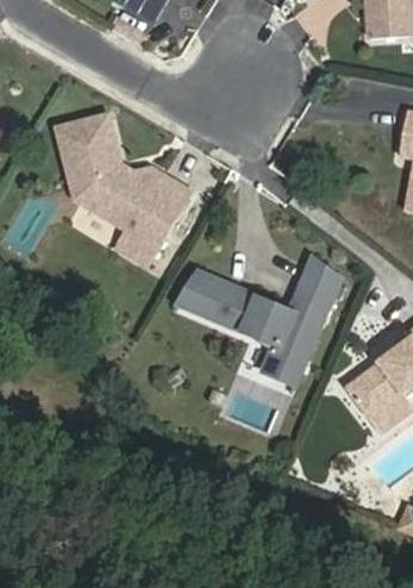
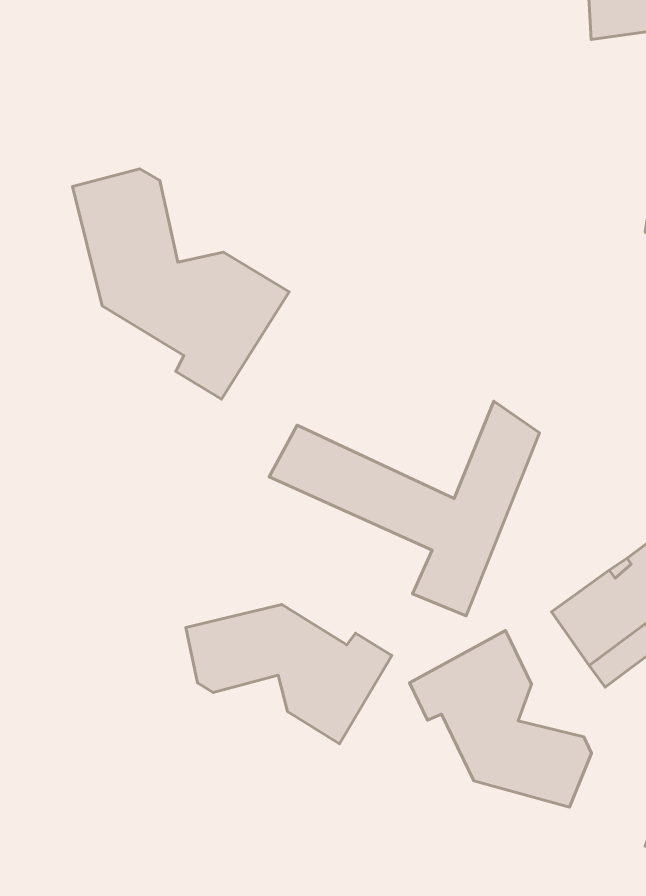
building: none -> [186,605,392,744]
building: none -> [410,630,591,807]

